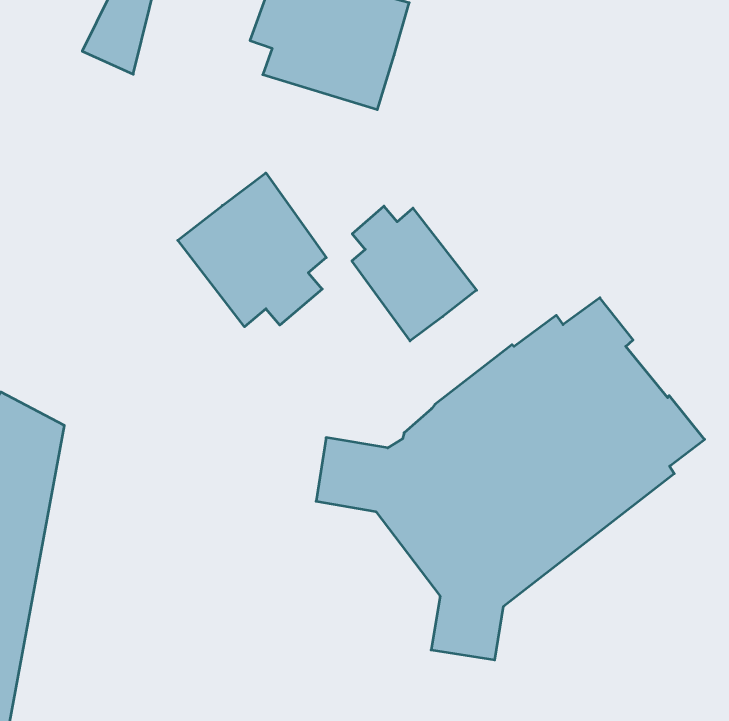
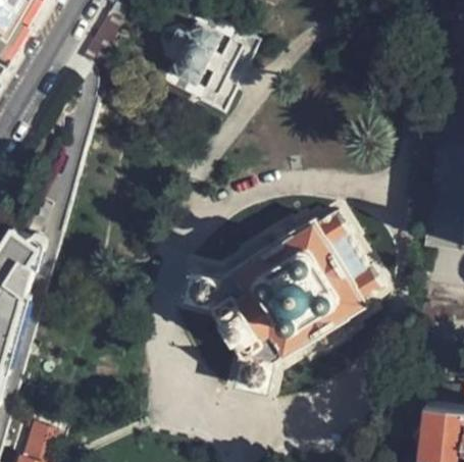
building: [178,173,326,327] -> none
building: [352,206,477,341] -> none

